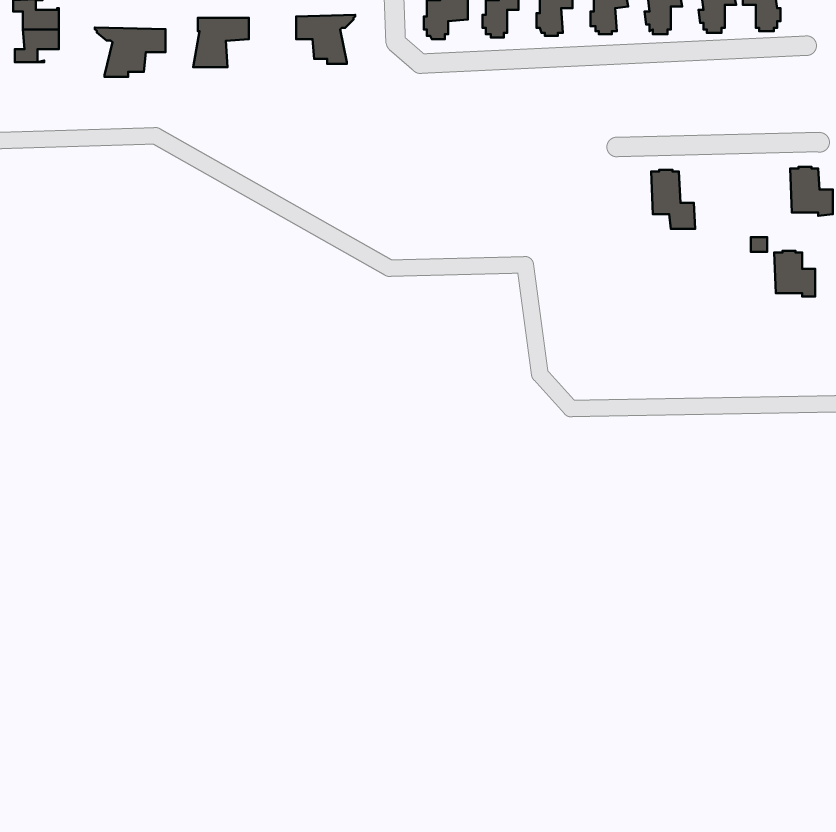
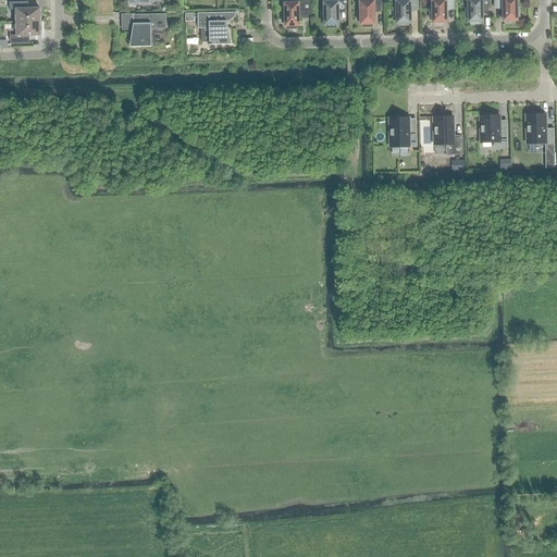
building: [95,27,166,77] -> none
building: none -> [389,114,417,146]
building: [774,251,815,297] -> [480,112,507,143]

